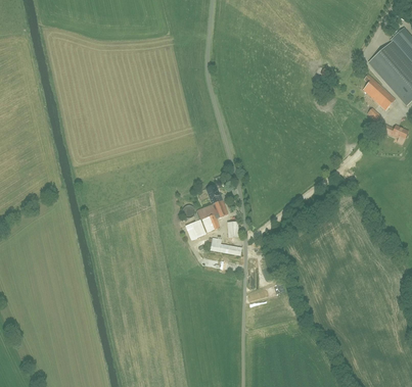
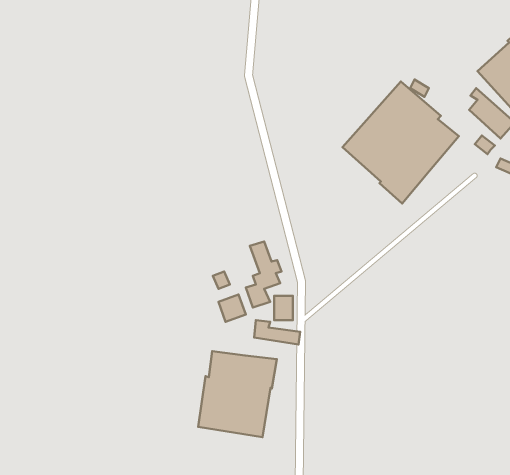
building: none -> [343,82,459,204]
building: none -> [198,351,277,437]

